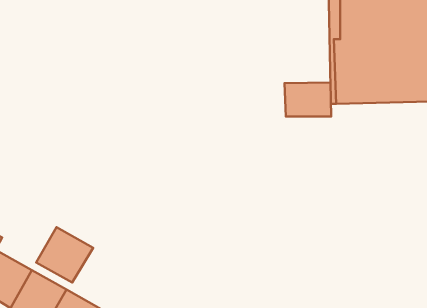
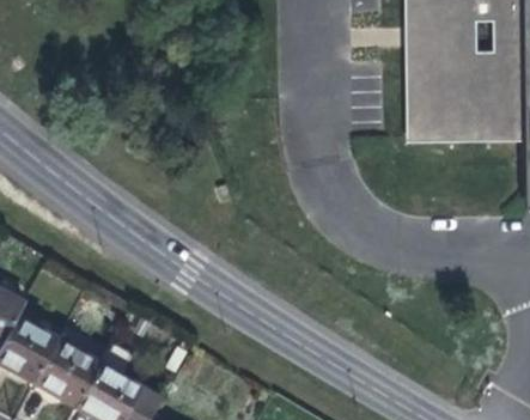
building: [285,83,331,117] -> none
building: [36,227,93,283] -> none

